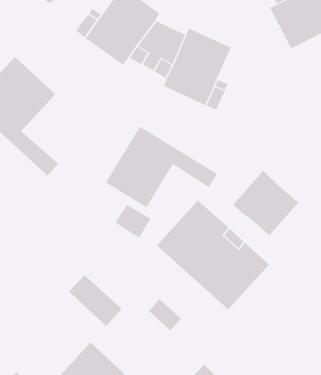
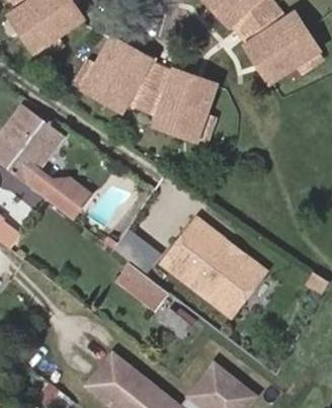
building: [105,126,218,208] -> none
building: [233,170,300,236] -> none
building: [68,275,123,327] -> [117,265,167,310]

